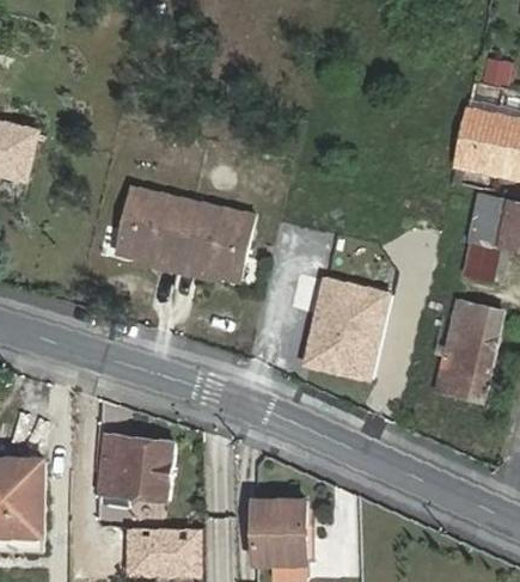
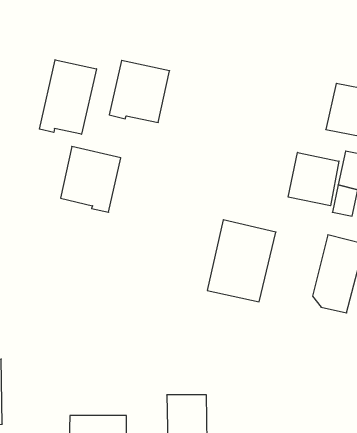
building: none -> [39,60,96,134]
building: none -> [288,152,339,206]
building: [178,201,255,280] -> [109,60,170,122]
building: [96,434,172,504] -> none

